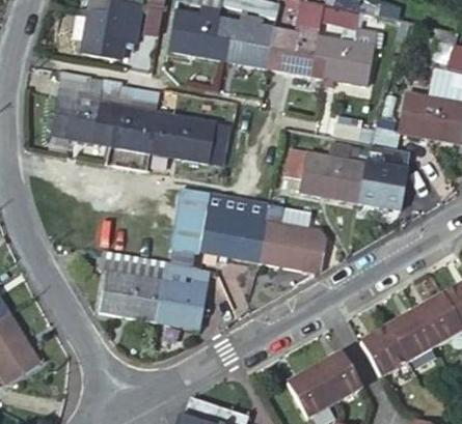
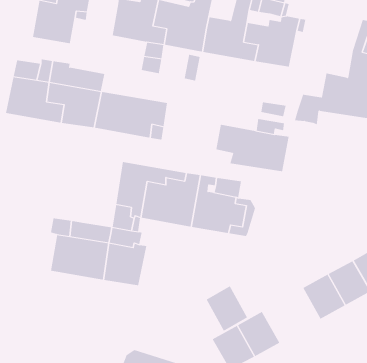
building: [358,145,411,208] -> none
building: [353,330,400,380] -> [206,286,248,331]

